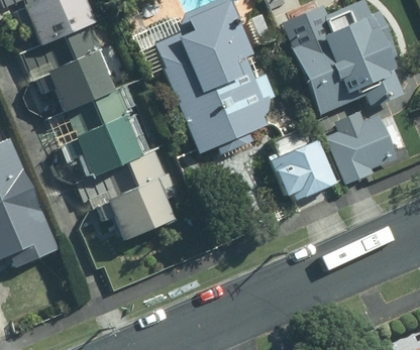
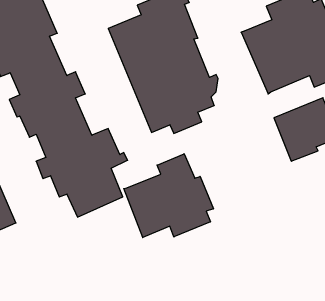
building: [273,142,334,198] -> none
building: none -> [124,154,213,238]

